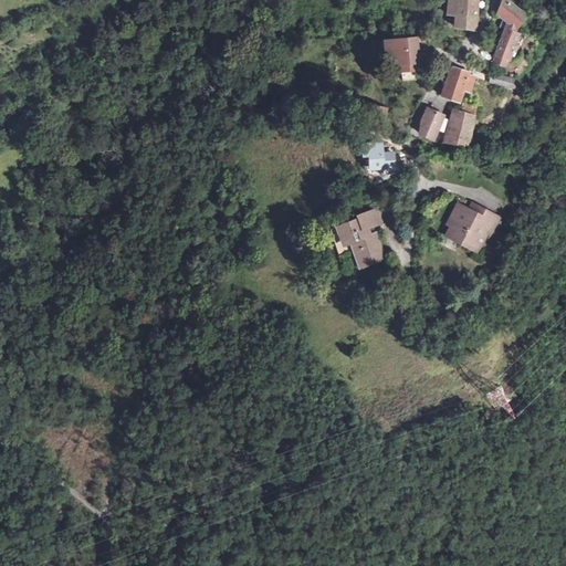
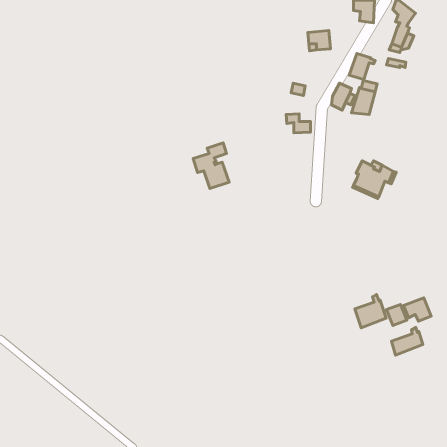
building: [338,209,384,266] -> [193,143,229,188]
building: none -> [355,295,386,328]
building: none -> [403,298,431,321]
building: none -> [391,328,423,355]

